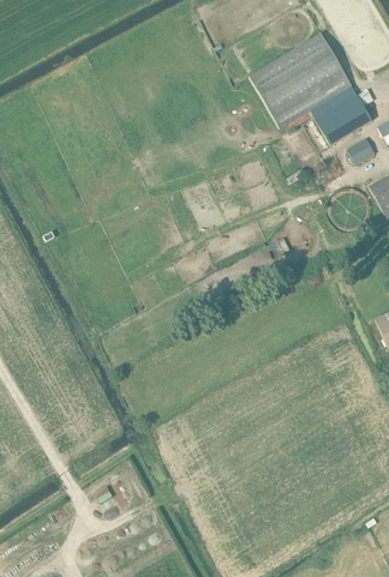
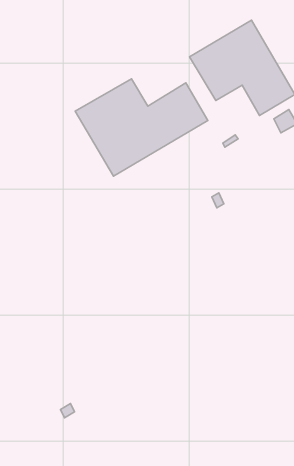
building: none -> [75,79,208,176]

